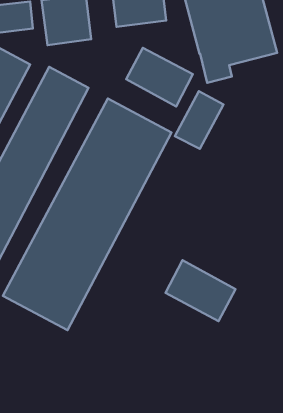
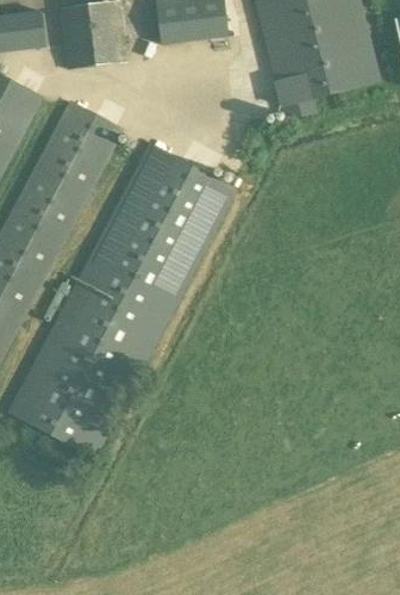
building: [126,48,193,107] -> none
building: [175,91,223,149] -> none
building: [165,260,236,321] -> none

